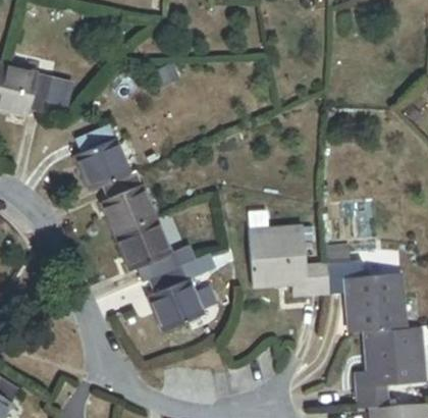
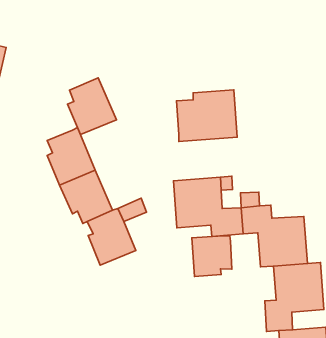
building: [72,123,129,190] -> [68,78,116,135]
building: none -> [176,90,237,142]
building: none -> [192,236,232,277]

